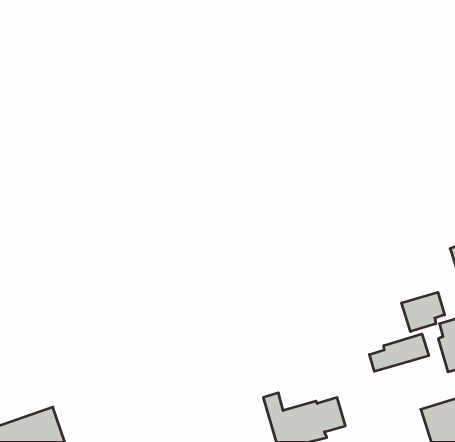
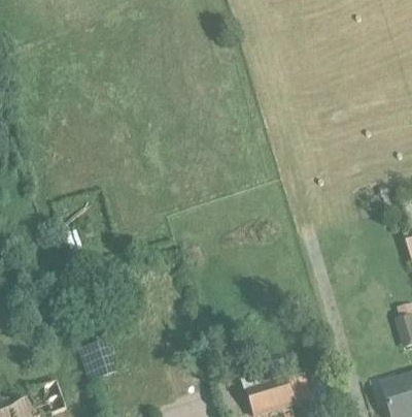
building: [402,292,445,332] -> none
building: [369,334,429,371] -> none

